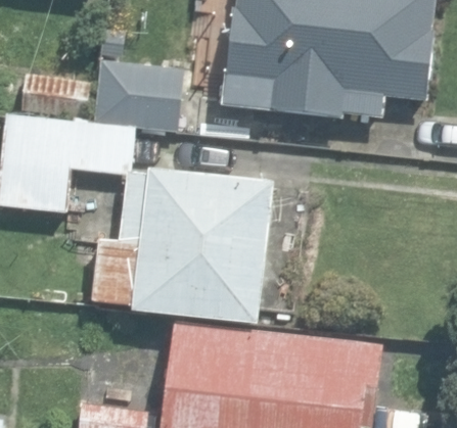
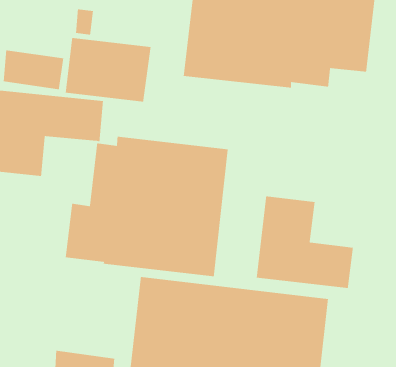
building: none -> [256,196,354,289]

